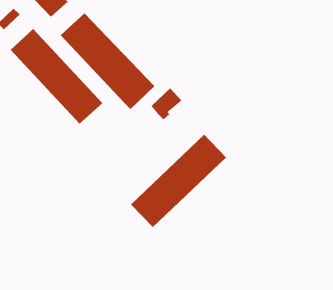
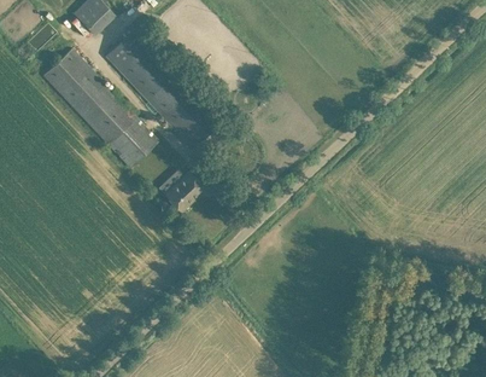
building: [151,88,182,120] -> [163,172,201,211]
building: [130,134,227,228] -> none

